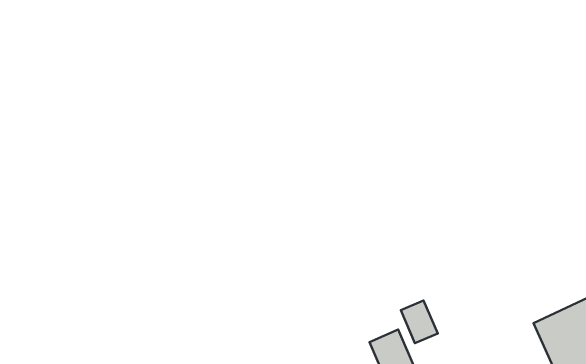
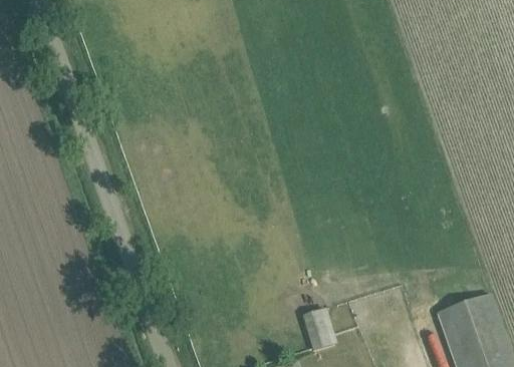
building: [401,300,438,343] -> none

